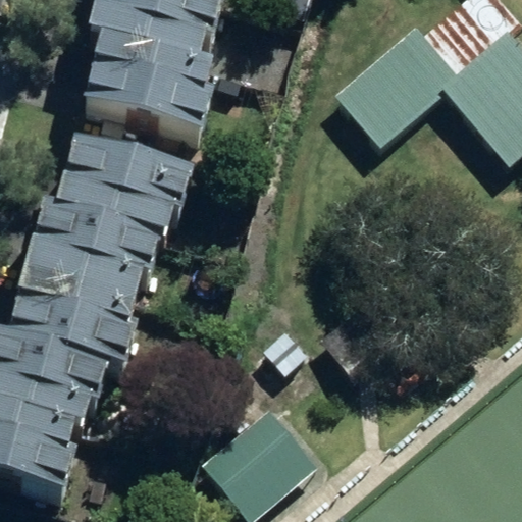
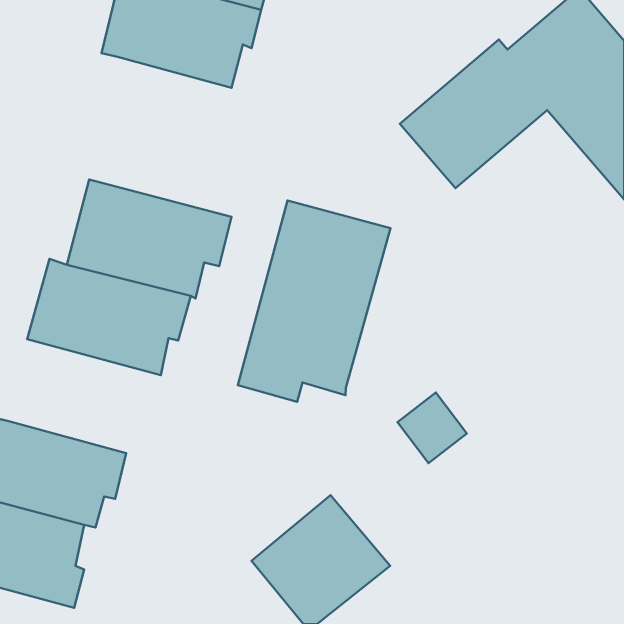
building: [81,47,204,142] -> none
building: none -> [238,200,390,402]
building: [6,279,133,376] -> none

